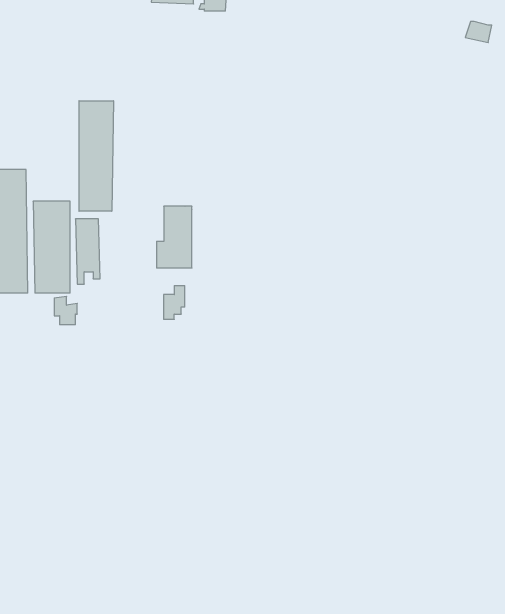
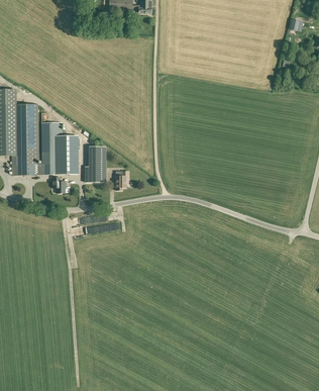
building: [79,101,113,211] -> none
building: [157,206,192,268] -> [85,146,105,182]

